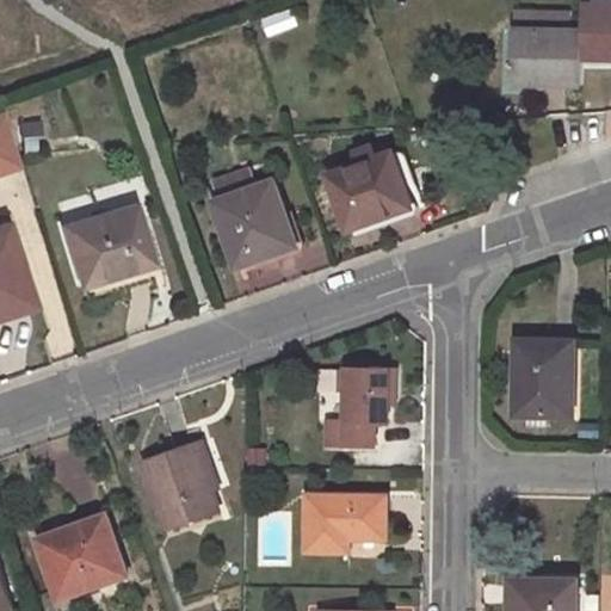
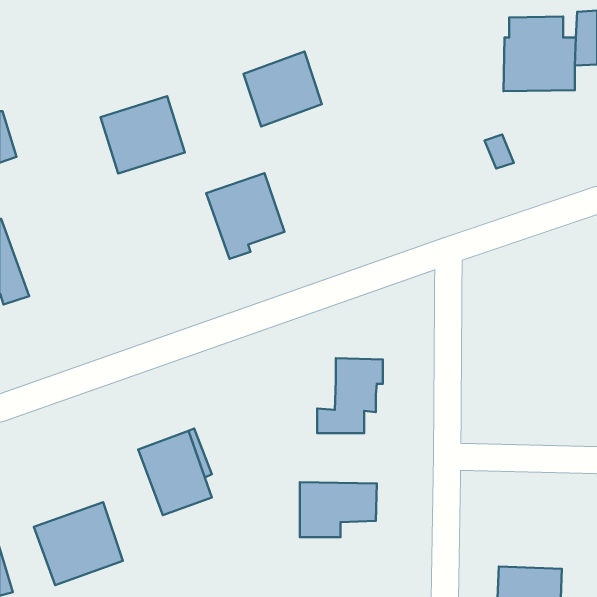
building: [329,154,409,230] -> [244,52,322,127]
building: [56,208,142,286] -> [101,96,185,173]
building: [516,340,576,412] -> none

